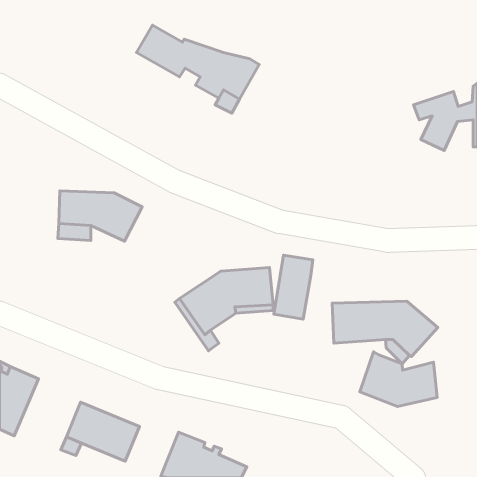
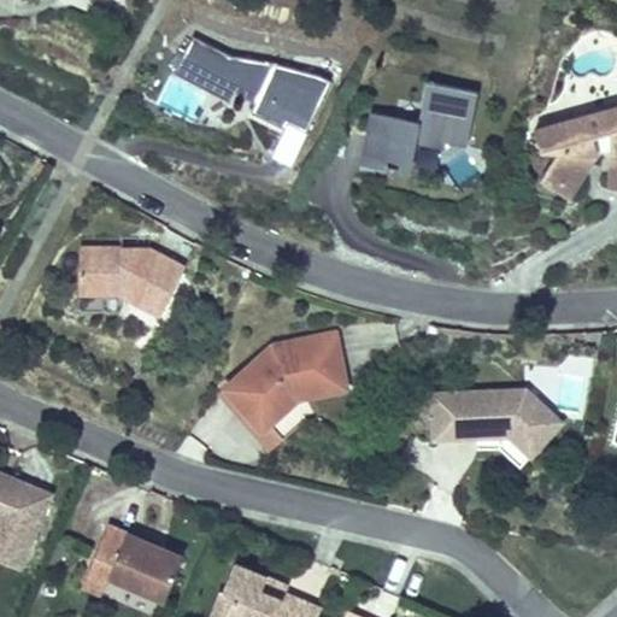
building: none -> [357,84,475,178]
building: [274,255,313,319] -> none
building: [360,352,437,406] -> none

